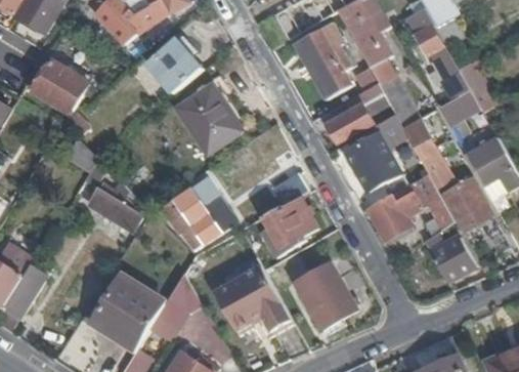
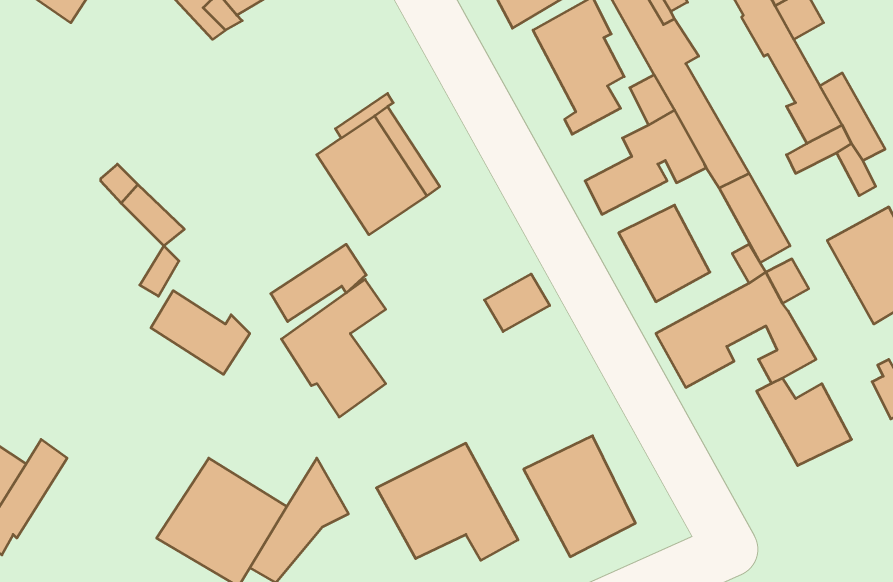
building: [147,38,202,95] -> none
building: [34,60,86,113] -> none
building: none -> [271,244,366,322]
building: [440,177,491,231] -> none
building: [261,199,318,255] -> none

